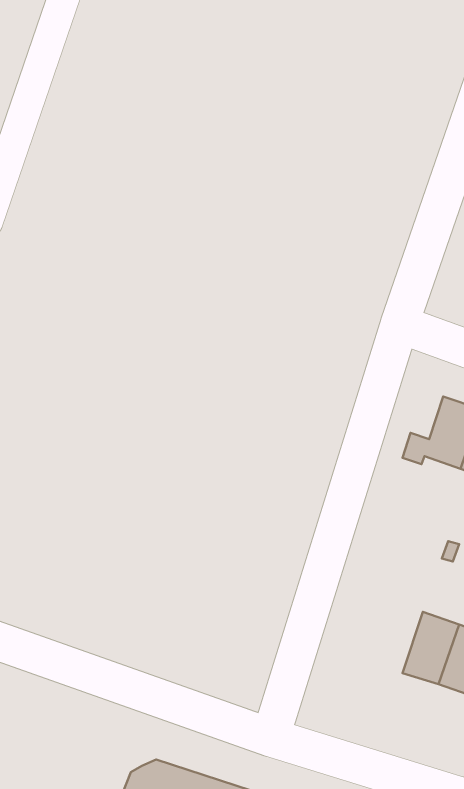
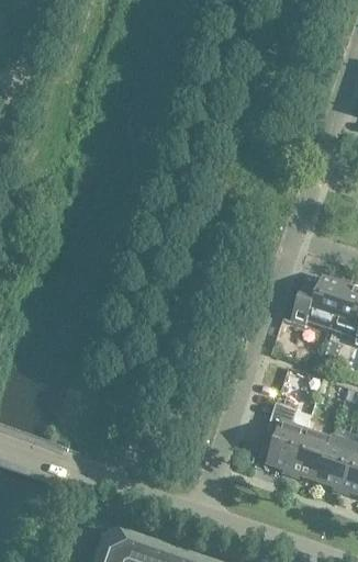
building: none -> [266,403,305,471]

